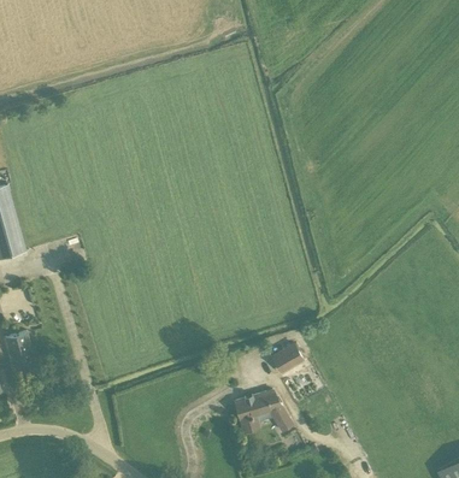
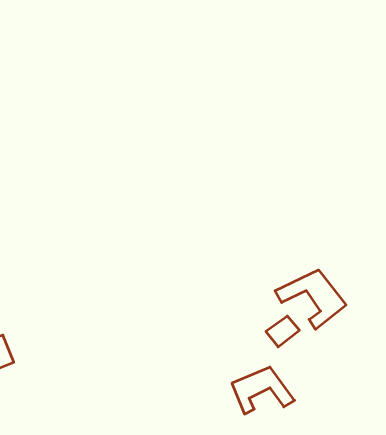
building: none -> [275,270,346,329]

